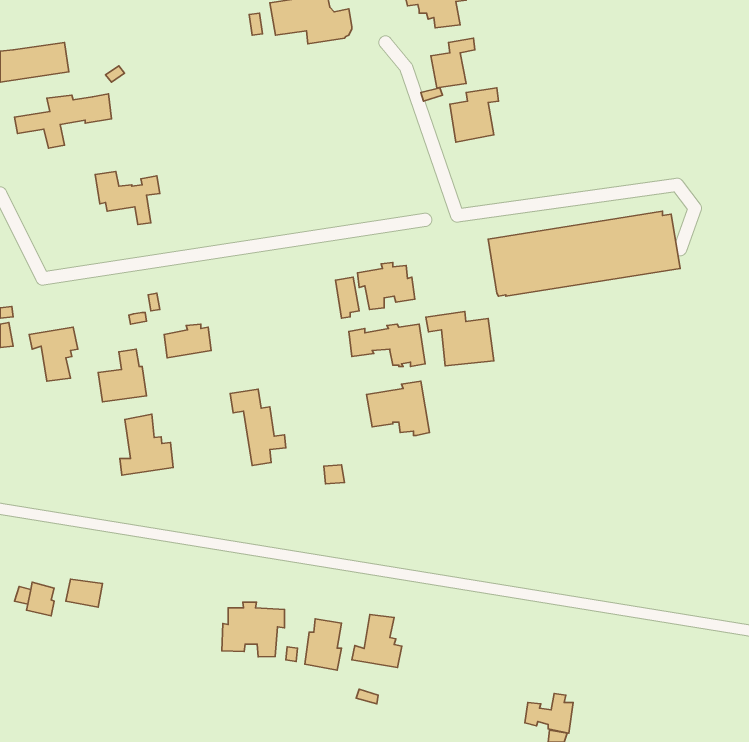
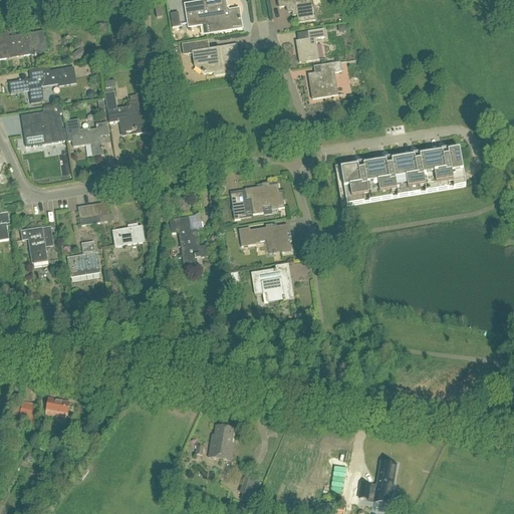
building: none -> [183,39,238,72]
building: none -> [104,89,148,132]
building: none -> [21,103,64,144]
building: [426,312,494,366] -> none
building: [230,389,286,465] -> [170,215,208,267]
building: [120,414,173,475] -> none
building: [222,602,284,657] -> none
building: [352,614,402,667] -> none

